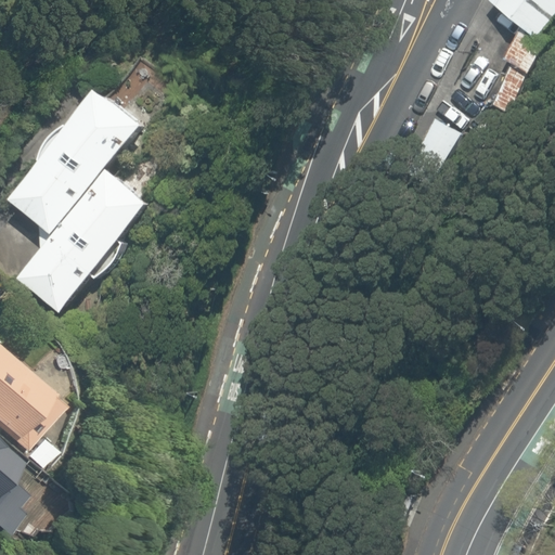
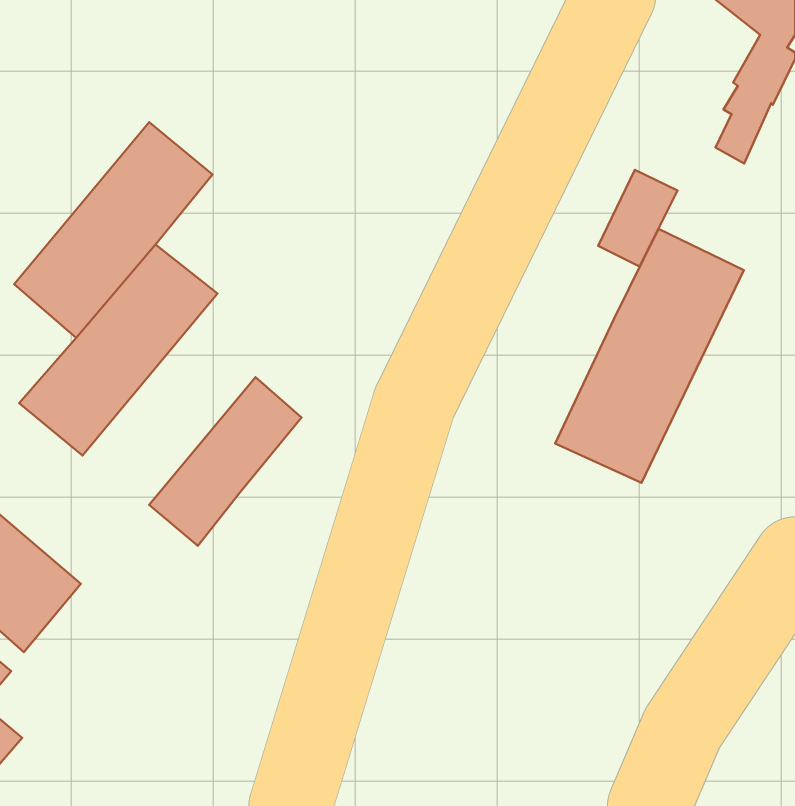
building: none -> [555,229,744,483]
building: none -> [149,377,302,546]

